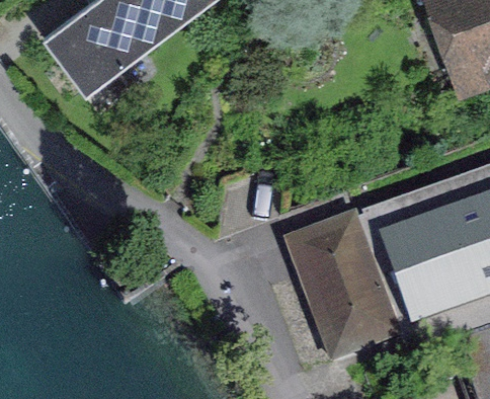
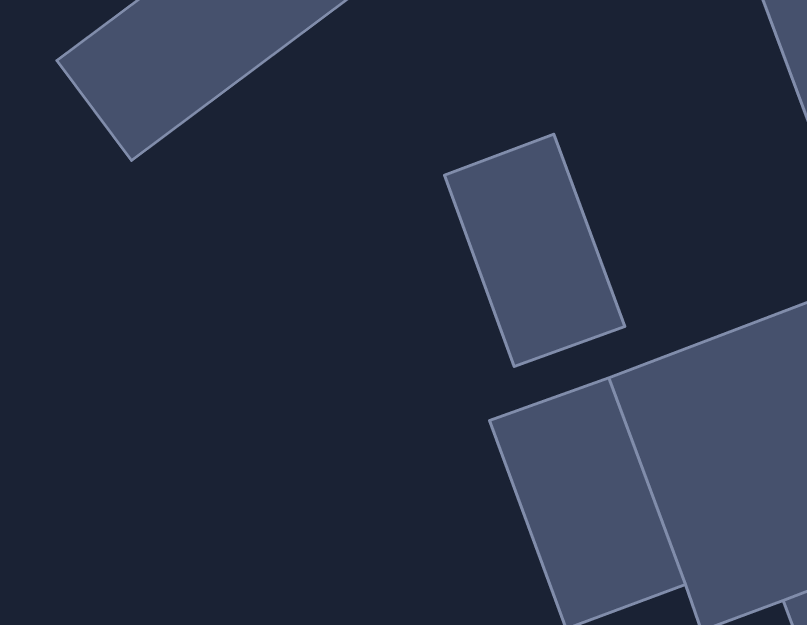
building: none -> [444,134,625,367]

